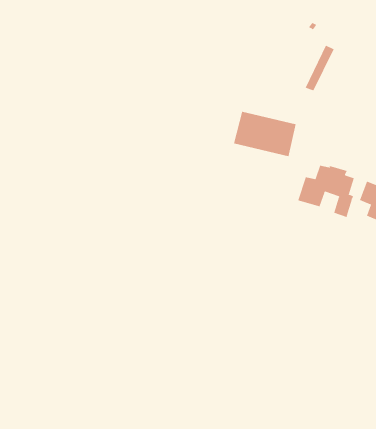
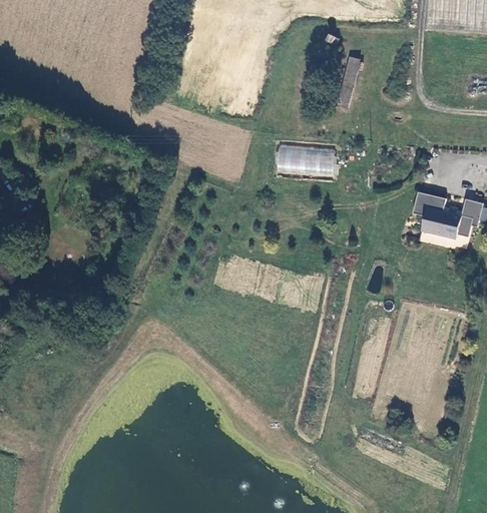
building: [298,165,355,218] -> none

